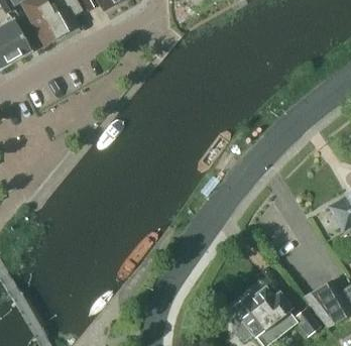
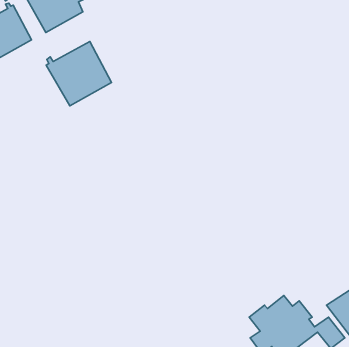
building: none -> [46,41,111,106]

